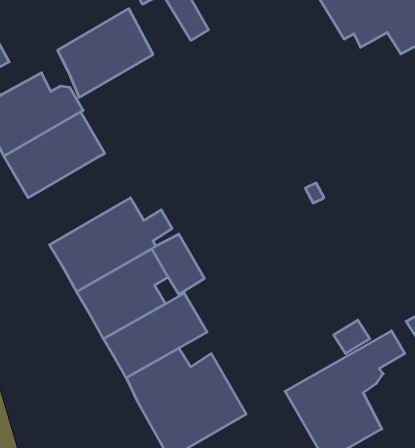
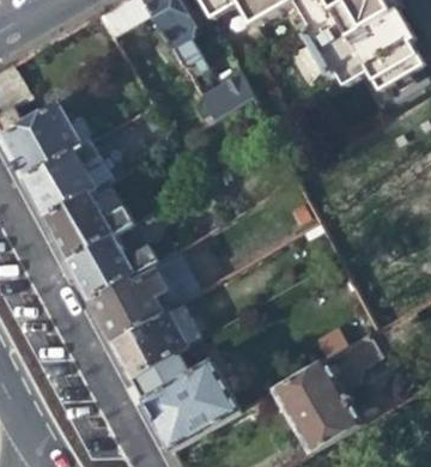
building: [58,9,153,97] -> [43,181,128,260]
building: none -> [199,73,251,120]

